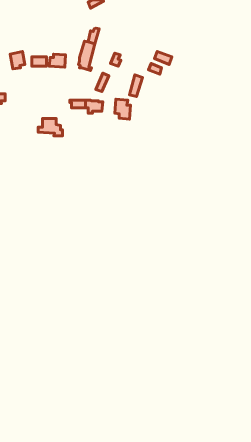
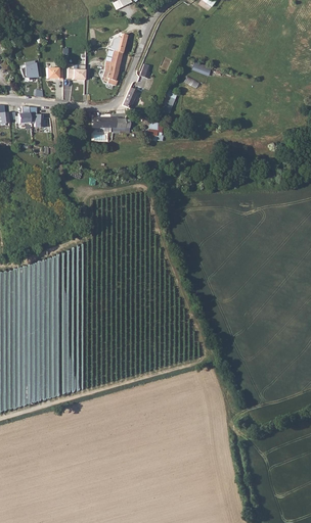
building: [38,118,62,136] -> [16,106,45,127]

